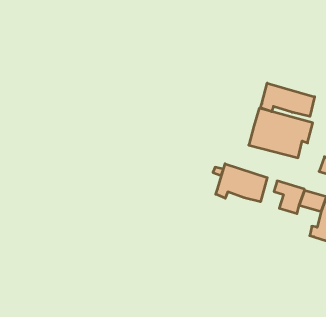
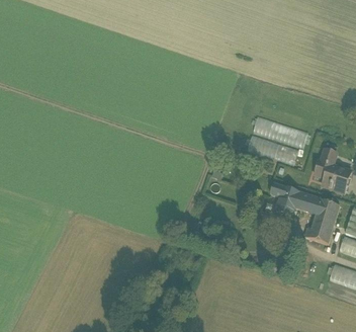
building: [261,83,315,116] -> none
building: [216,164,267,202] -> none

